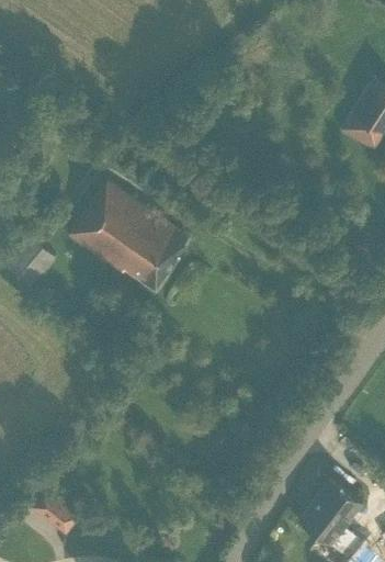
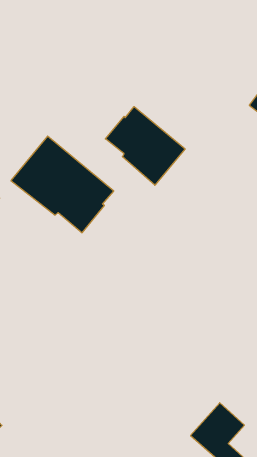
building: none -> [105,107,185,185]

